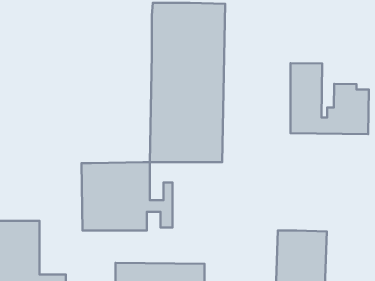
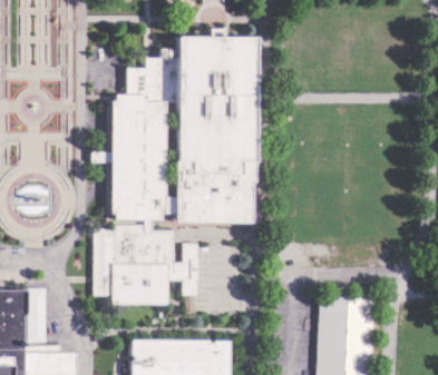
building: none -> [106,56,175,224]
building: [291,63,369,134] -> none

